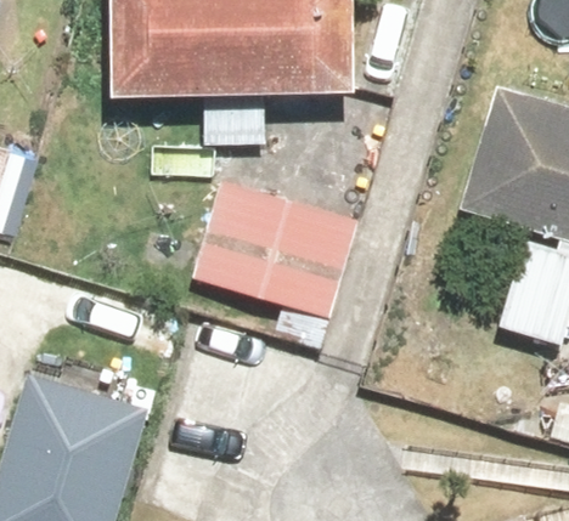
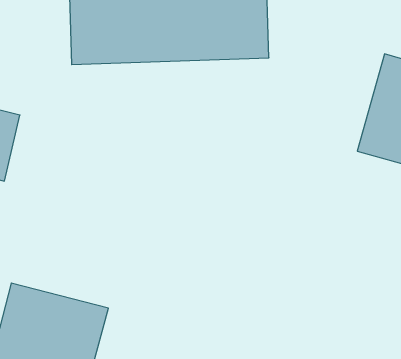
building: [202,180,379,315] -> none

